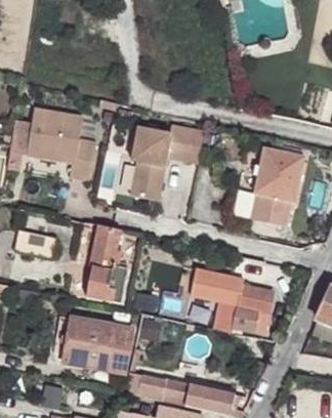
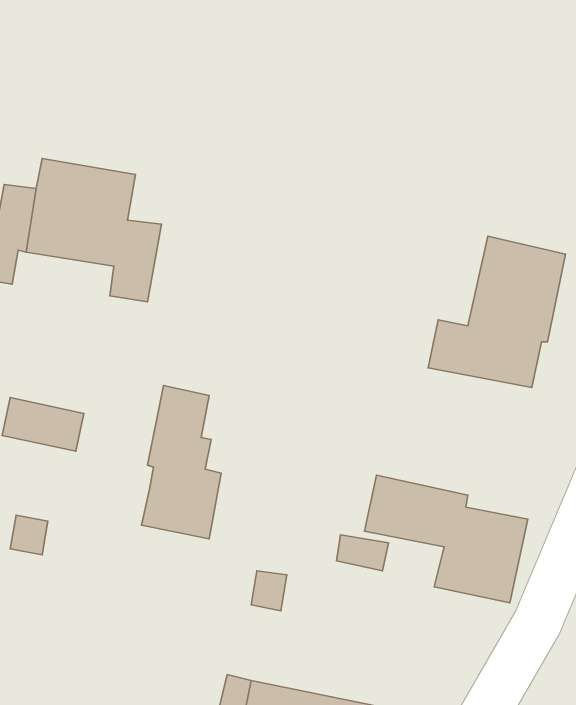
building: [130,124,203,200] -> none
building: [64,318,131,371] -> none

